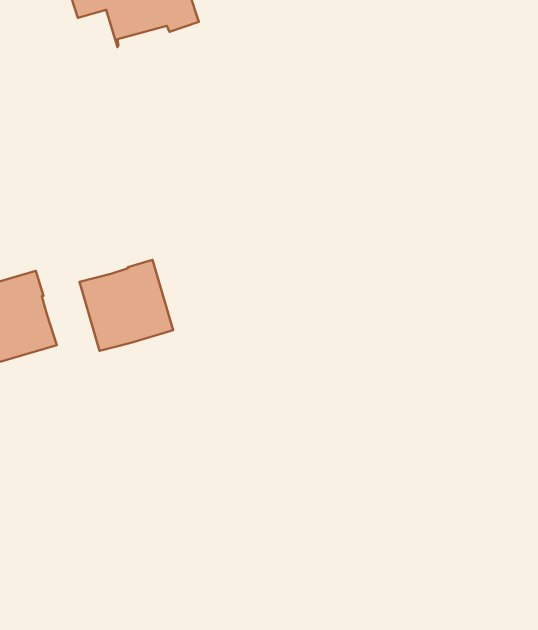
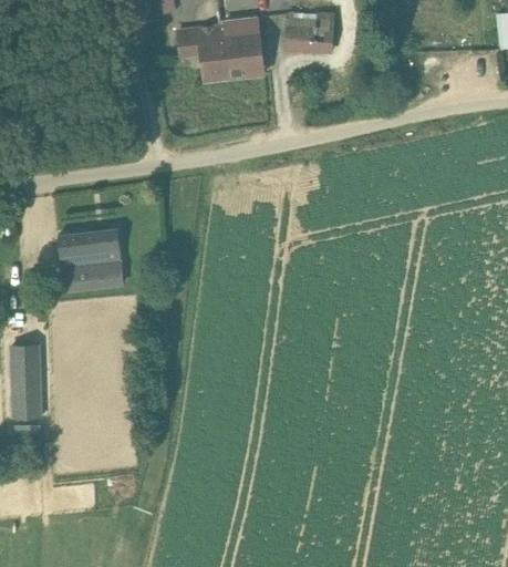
building: [80,260,173,351] -> none

